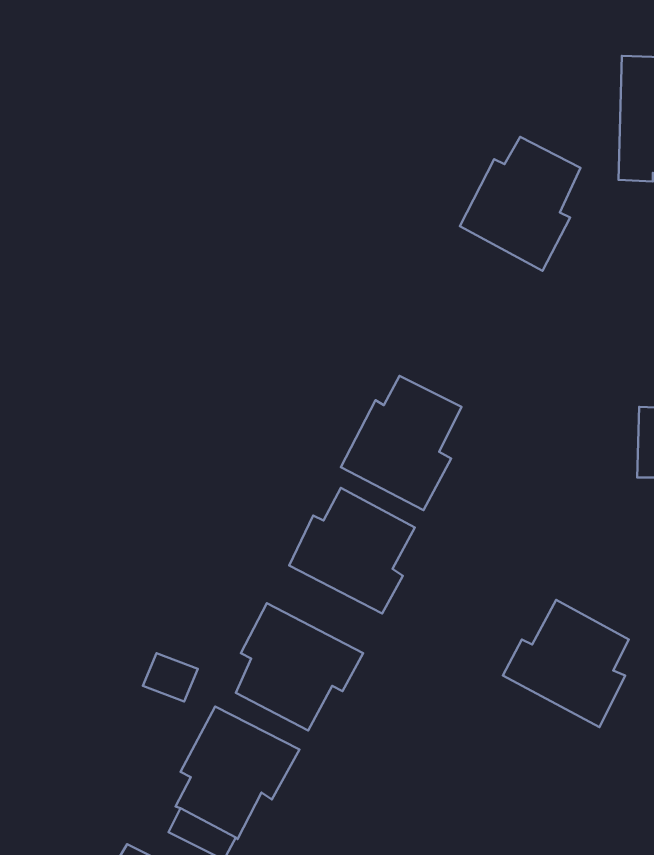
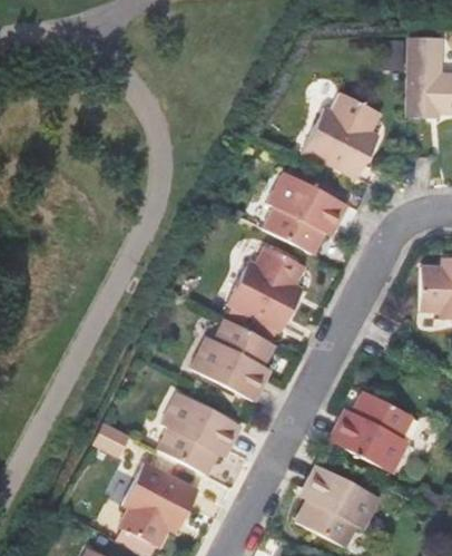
building: none -> [257,169,338,251]
building: none -> [297,465,380,546]

